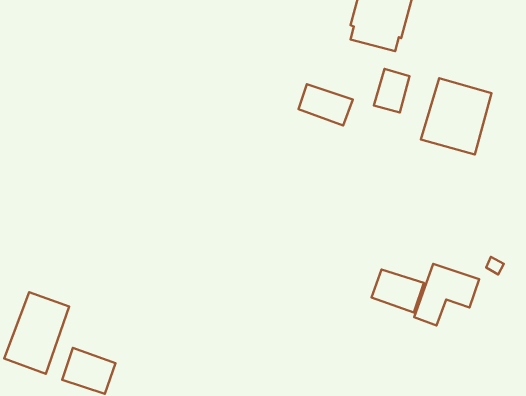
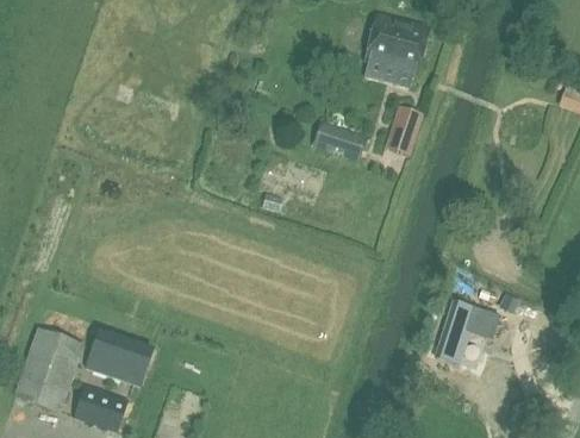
building: [421,78,491,154] -> none
building: [372,270,424,312] -> none
building: none -> [81,325,148,381]

